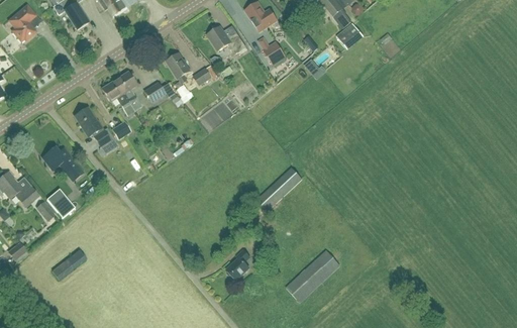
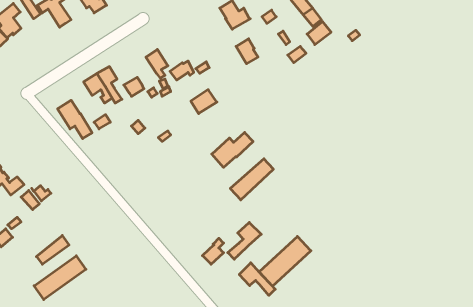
building: [207,26,245,52] -> none
building: none -> [212,132,253,167]
building: [41,146,83,181] -> none
building: none -> [228,222,261,259]
building: none -> [34,256,86,300]
building: none -> [239,263,275,295]

